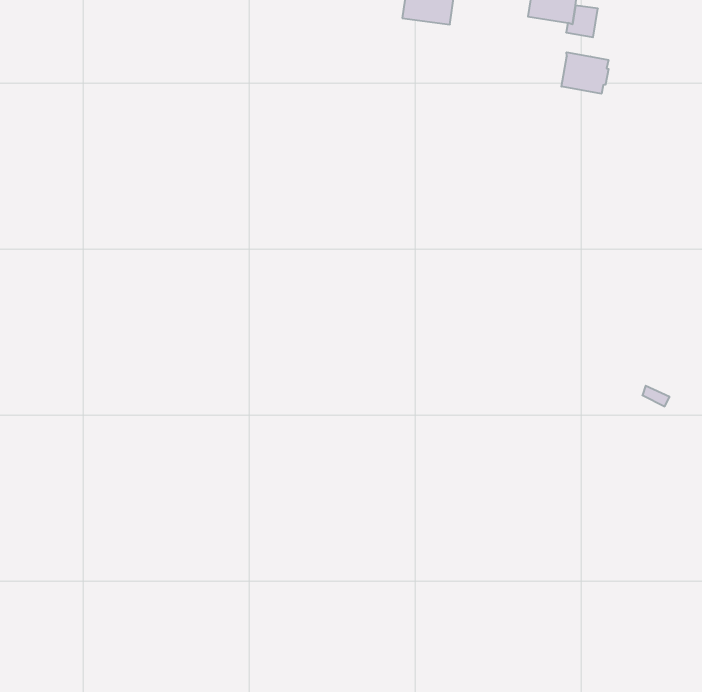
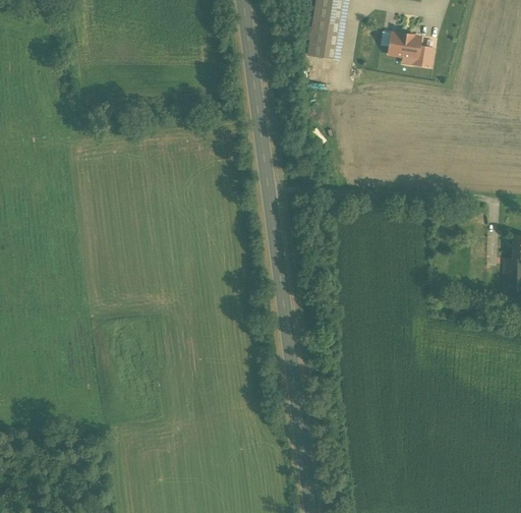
building: [561,52,609,94] -> none

